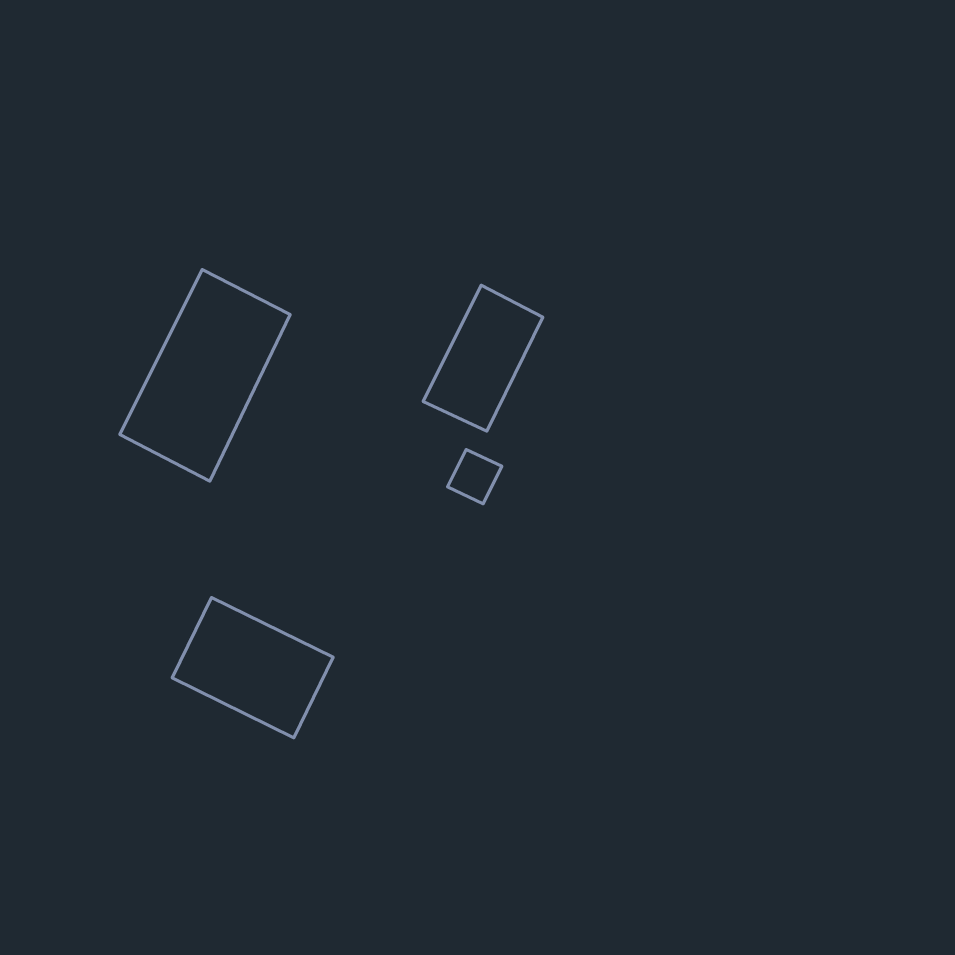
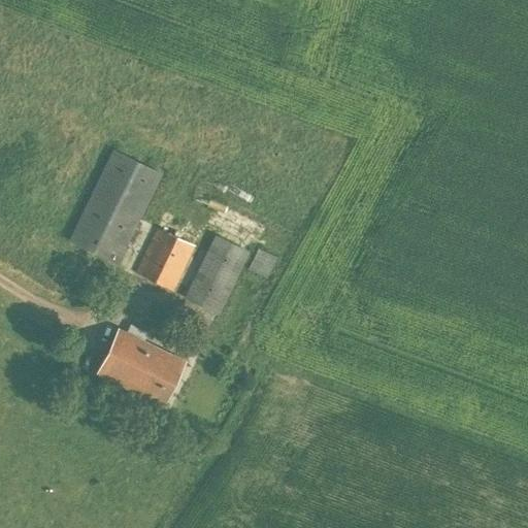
building: [423,285,543,431] -> [184,233,250,314]
building: none -> [135,226,196,291]

